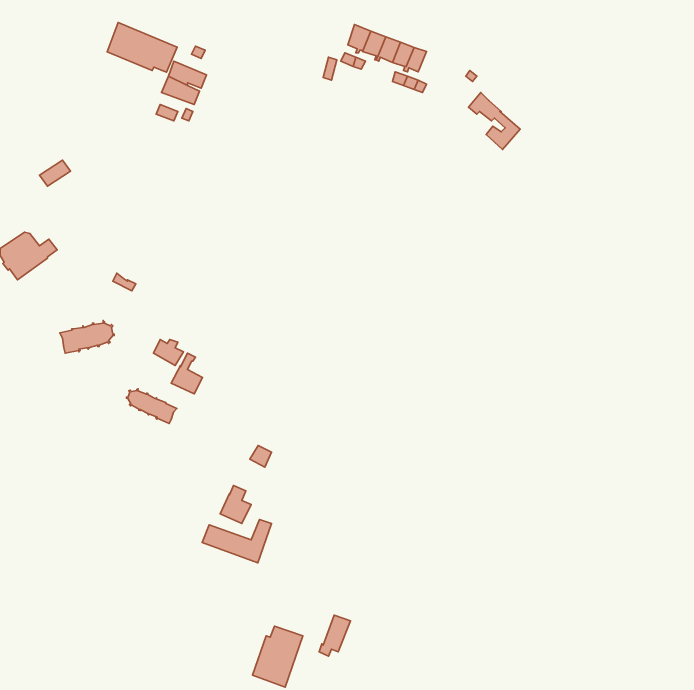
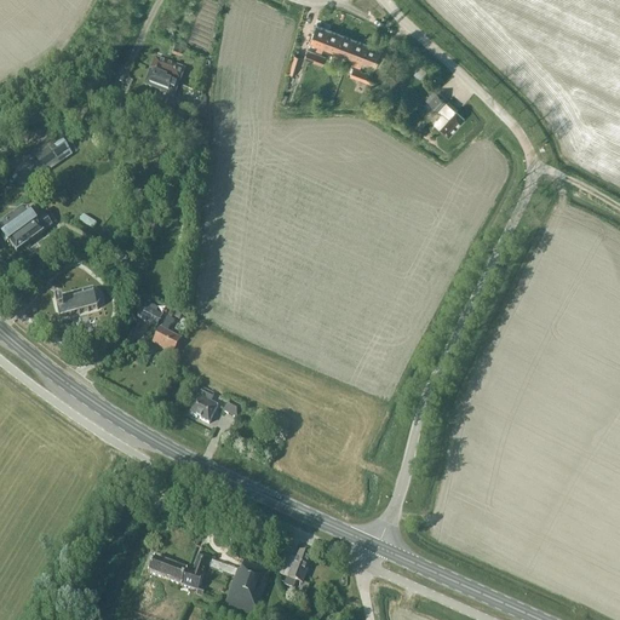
building: [107,22,177,72] -> none
building: [126,389,177,424] -> none
building: [220,485,251,523] -> [189,386,217,420]
building: [202,519,272,563] -> [149,550,211,589]

